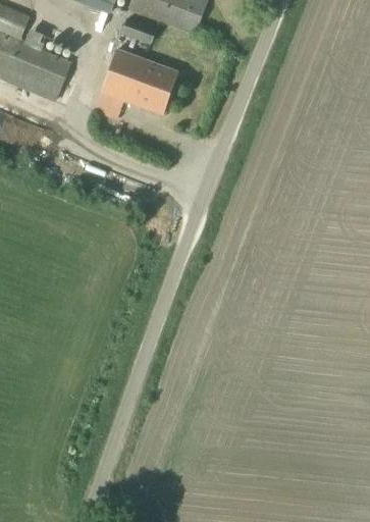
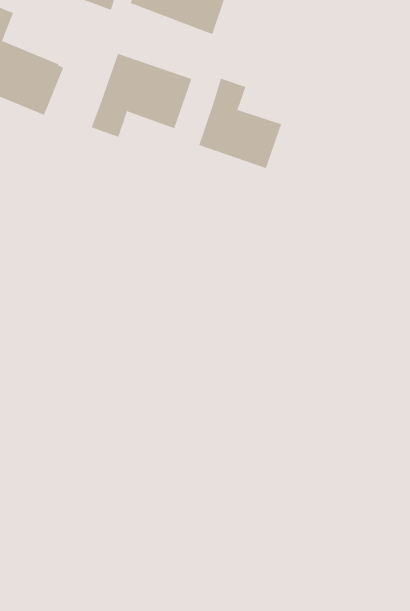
building: [120,16,155,43] -> none
building: none -> [198,78,282,169]

